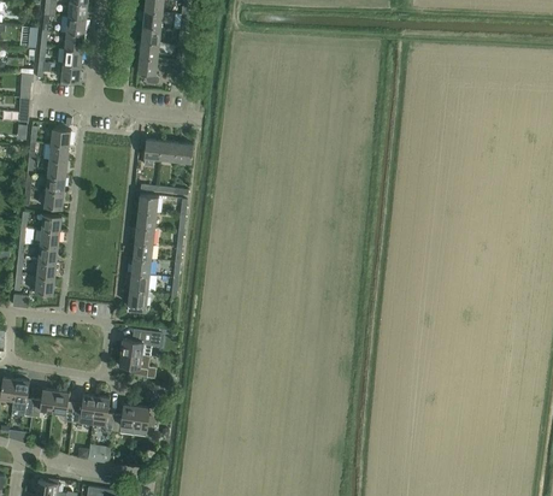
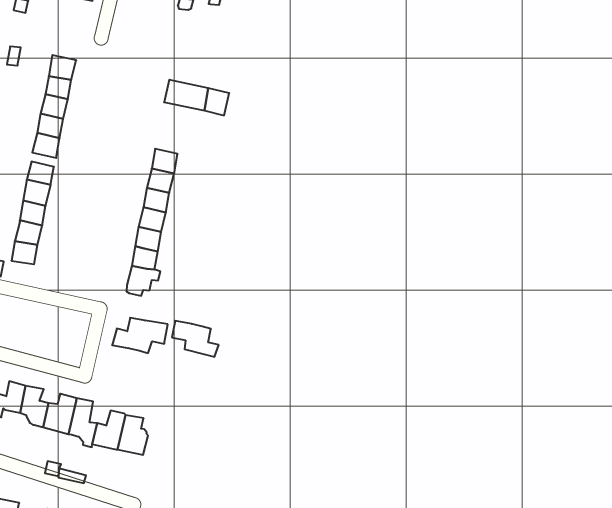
building: [118,353,155,378] -> [172,321,219,357]

